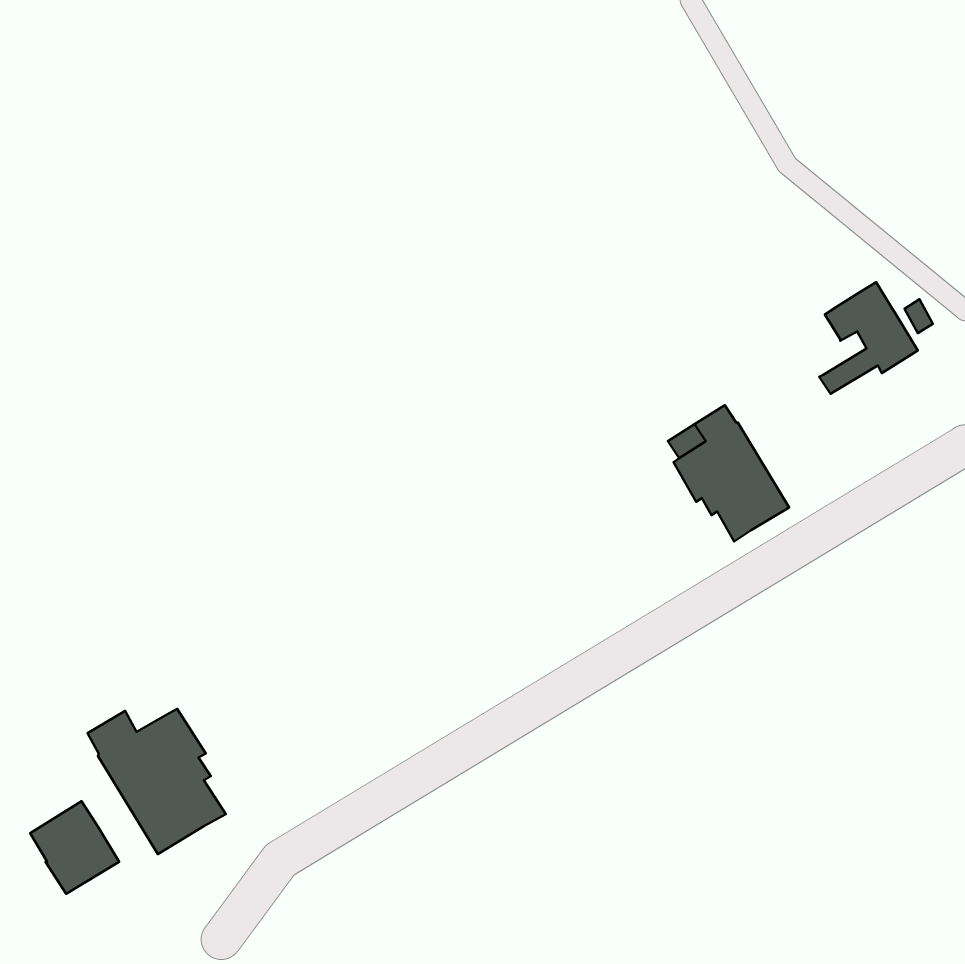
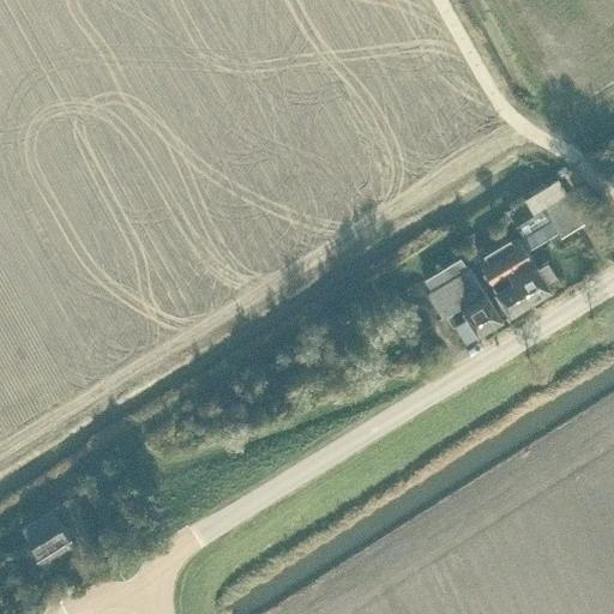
building: none -> [477,239,554,319]
building: [88,709,226,854] -> none

